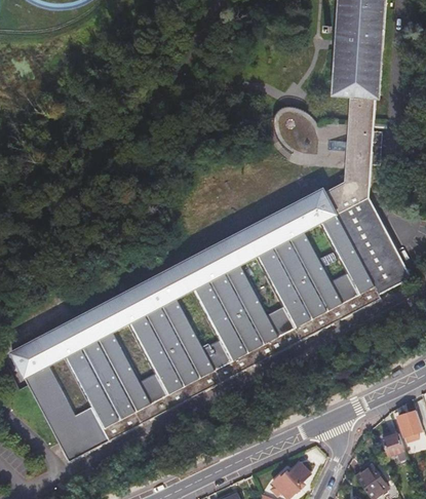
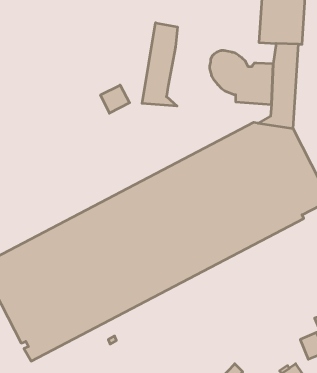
building: none -> [142,23,177,106]
building: none -> [101,85,130,113]

